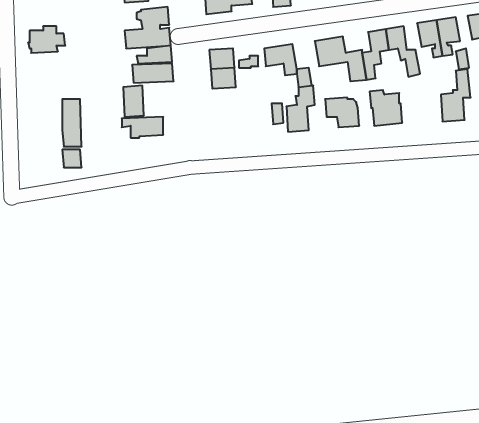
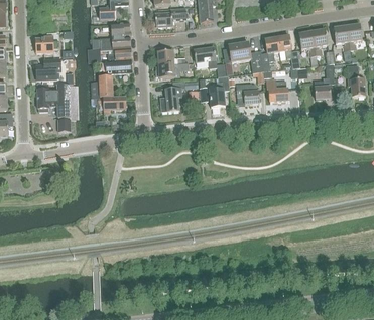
building: none -> [35,57,60,78]
building: none -> [37,83,57,111]
building: none -> [160,87,182,111]

